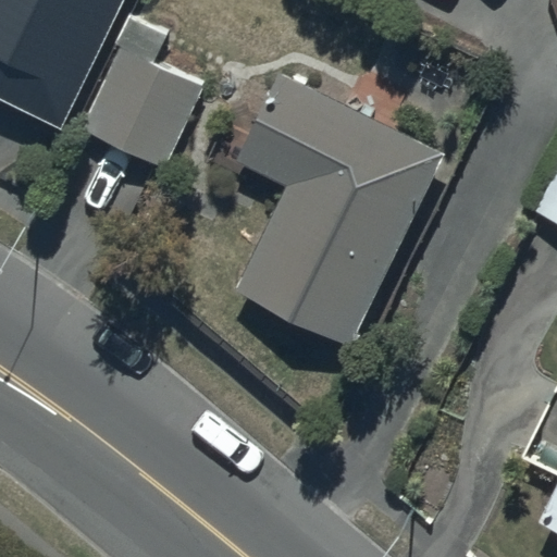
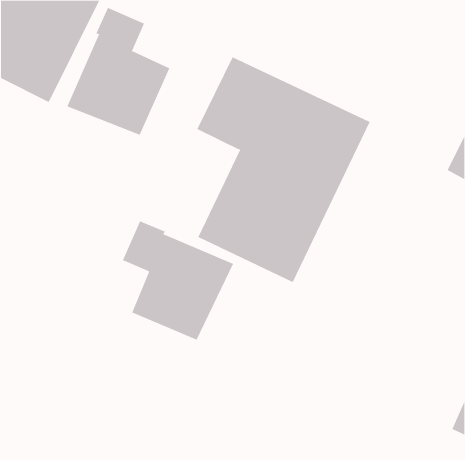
building: none -> [122,220,234,340]

